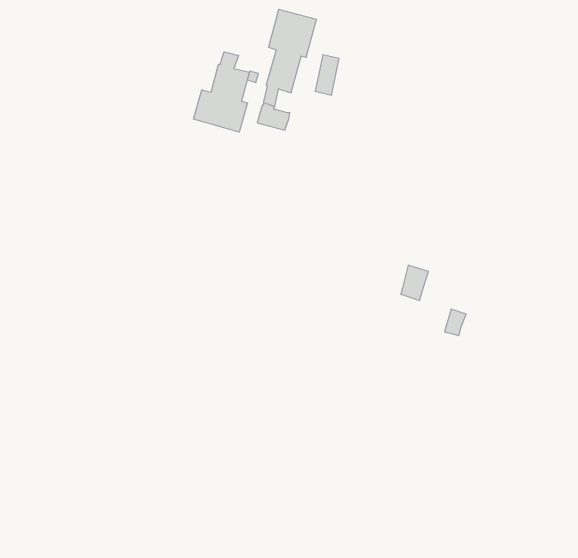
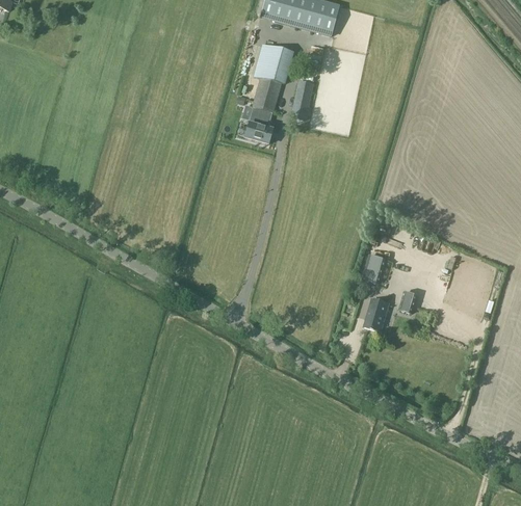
building: [194,52,249,132] -> none
building: none -> [365,297,390,329]

